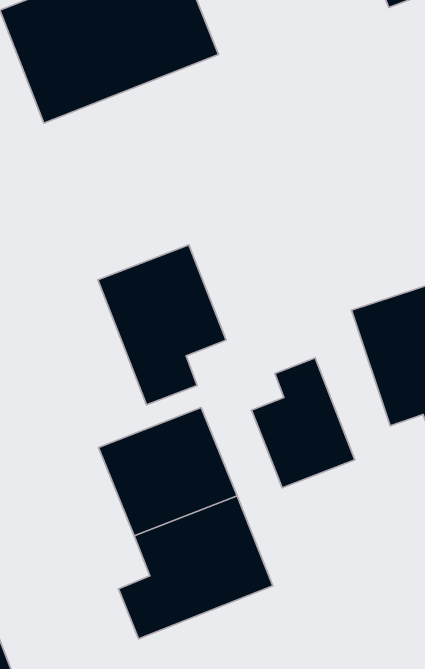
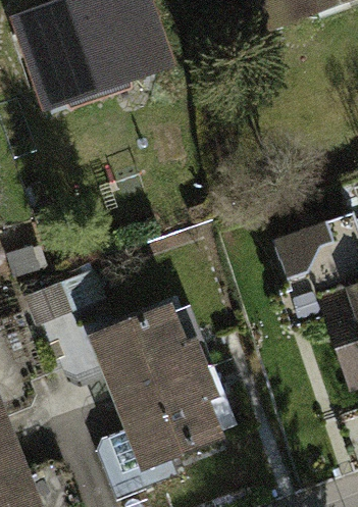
building: [98,245,226,405] -> none
building: [251,358,355,488] -> none

